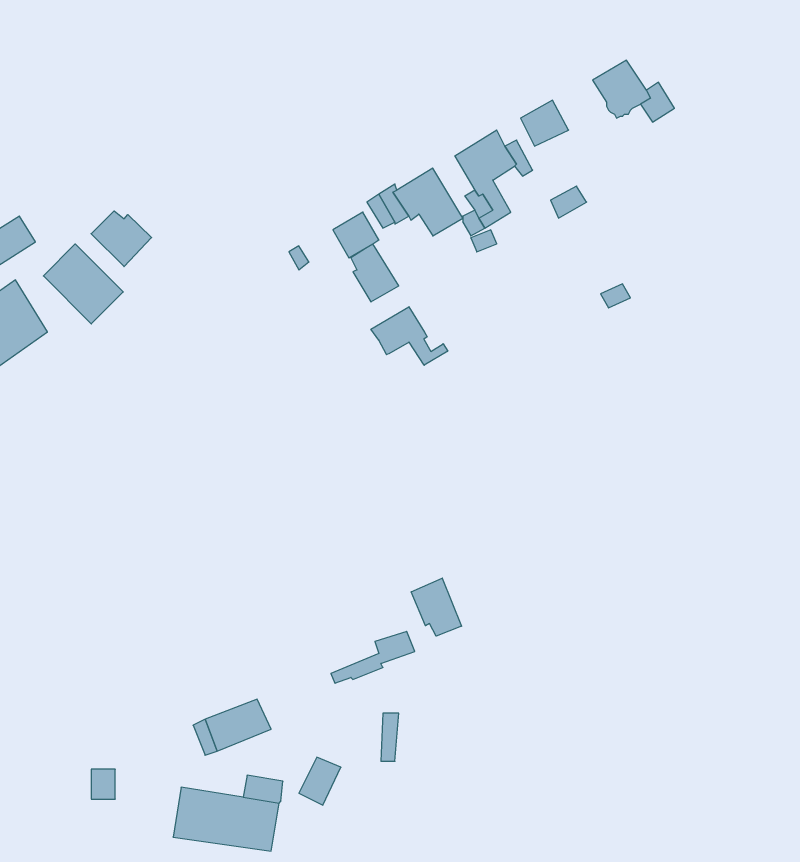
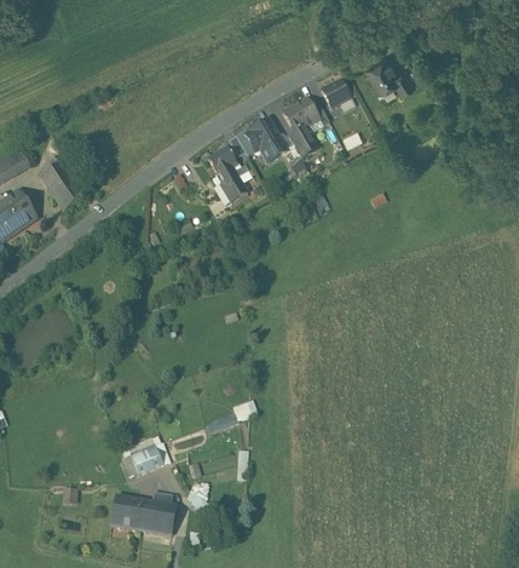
building: [91,211,152,267] -> none
building: [371,307,448,365] -> none
building: [411,578,462,636] -> none

